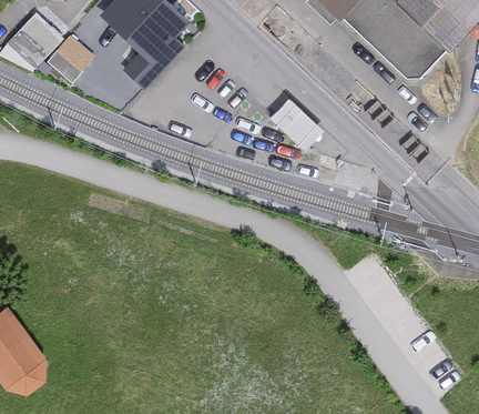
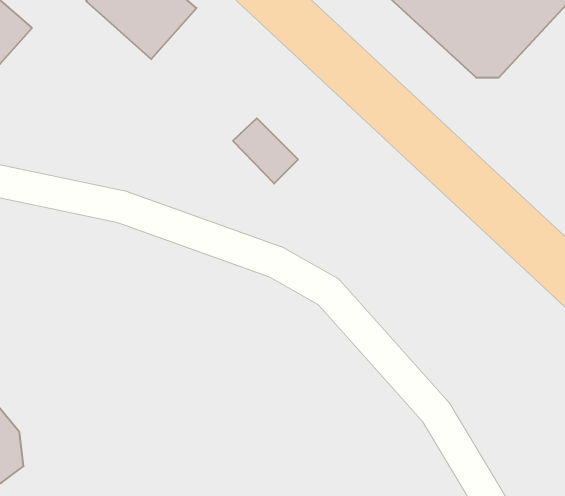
building: [44,36,90,81] -> none
building: [269,100,320,151] -> [233,118,298,184]

